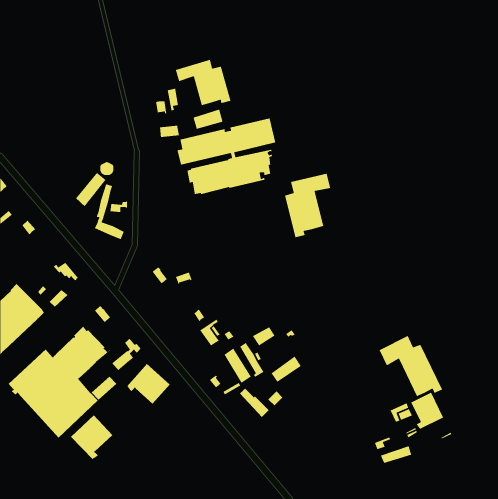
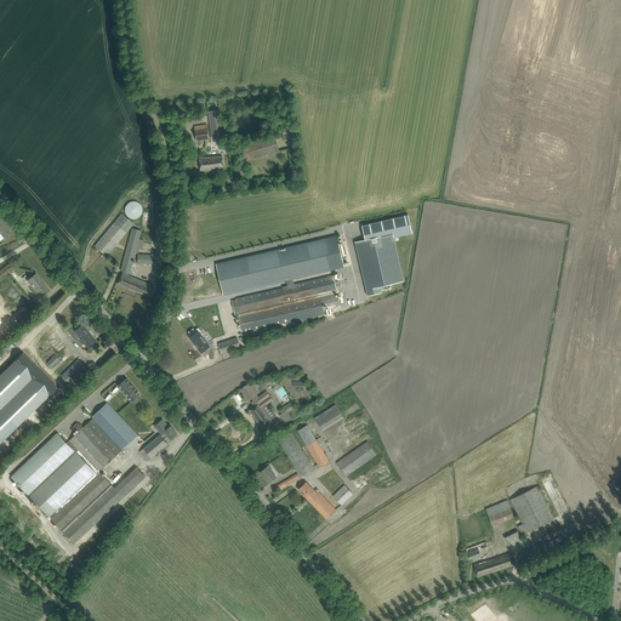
building: [175,59,232,106] -> none
building: [177,118,276,195] -> [218,235,342,331]
building: [378,335,443,397] -> none
building: [126,363,171,405] -> none
building: [70,414,113,460] -> none

